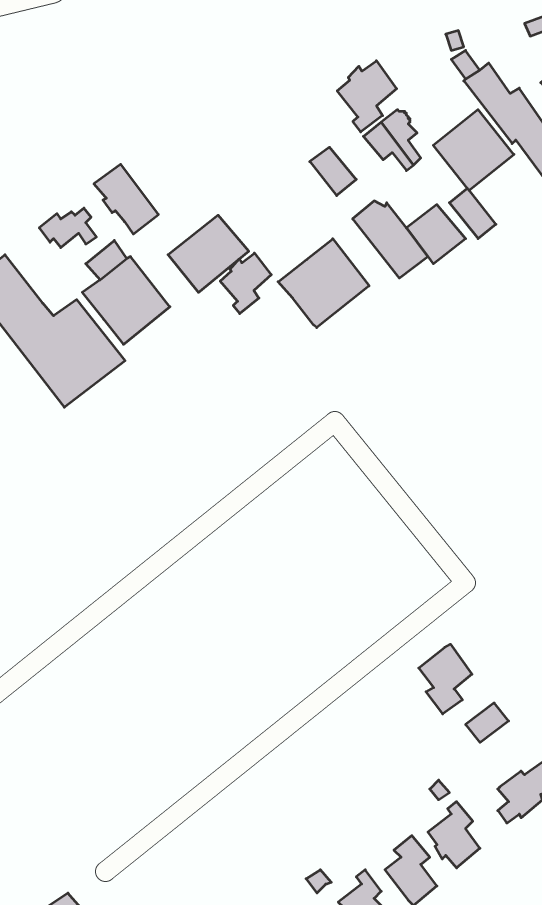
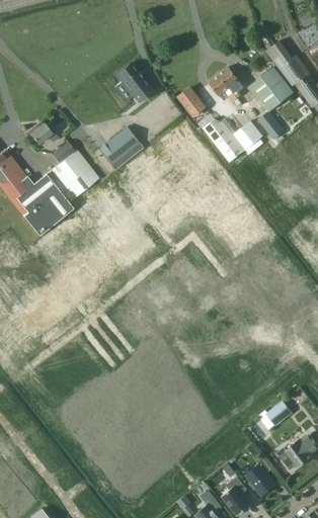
building: [337,61,397,132] -> none
building: [94,164,158,234] -> [116,63,153,102]
building: [278,239,369,328] -> none
building: [220,253,271,314] -> none
building: [419,644,472,714] -> none

